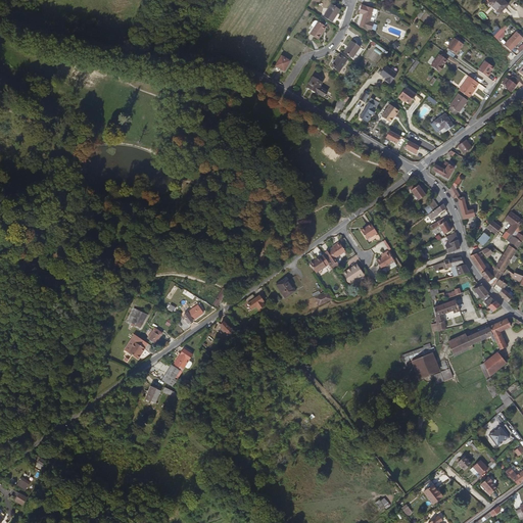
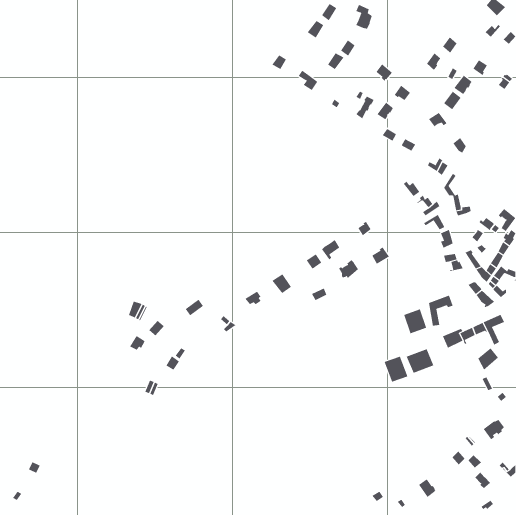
building: none -> [403,308,427,334]
building: none -> [384,356,408,382]

